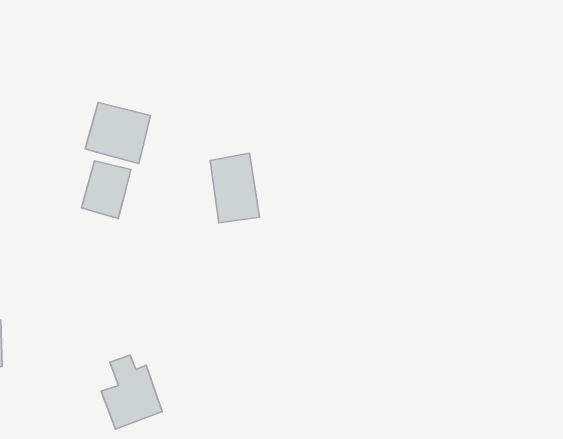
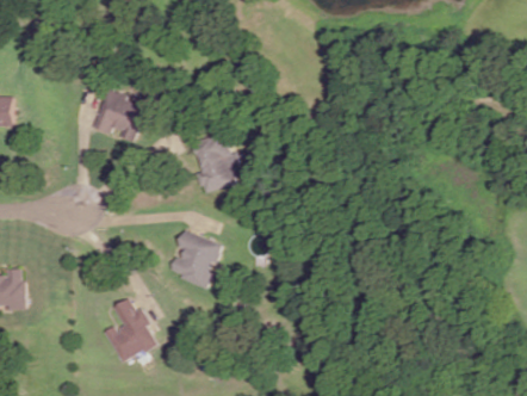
building: [82,161,131,218] -> none
building: none -> [169,231,221,286]

